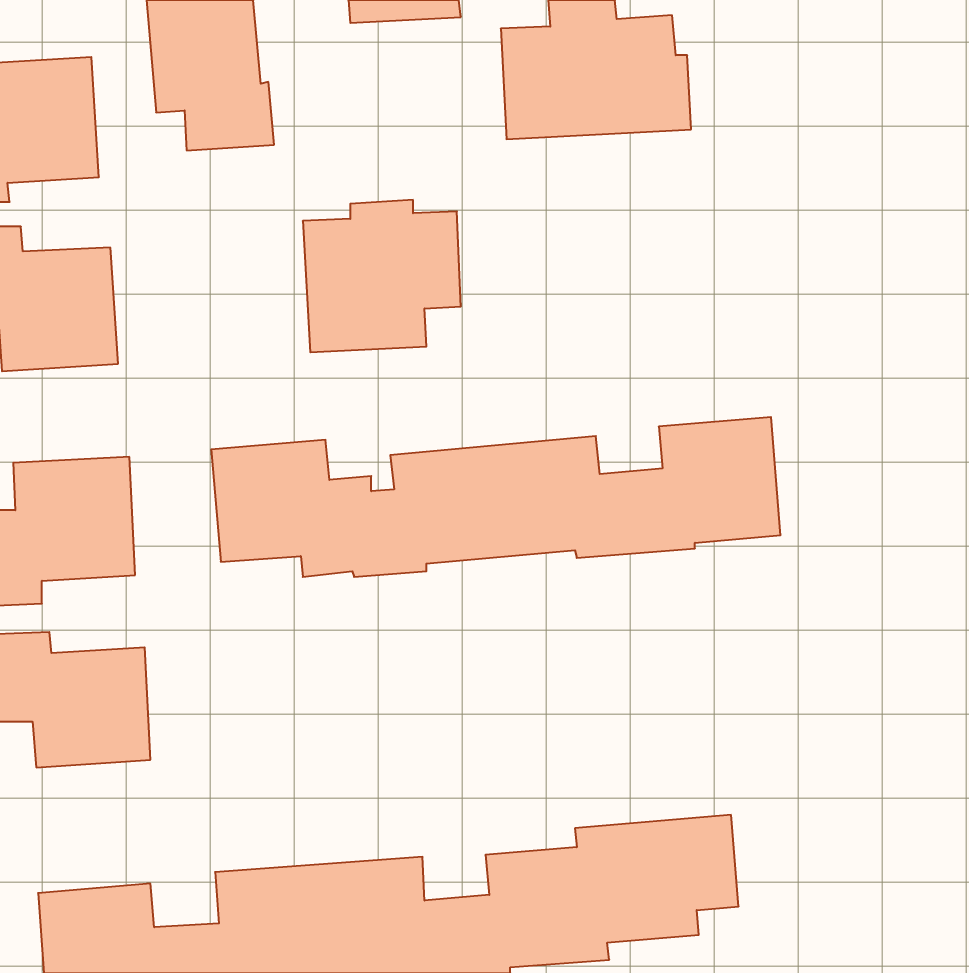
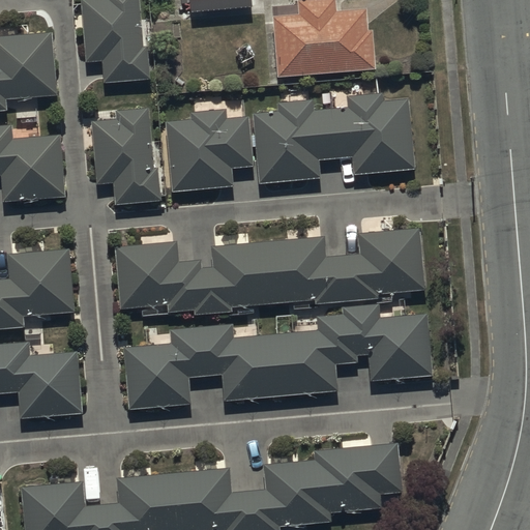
building: none -> [252,93,412,181]
building: none -> [83,108,160,203]
building: none -> [124,304,433,410]

